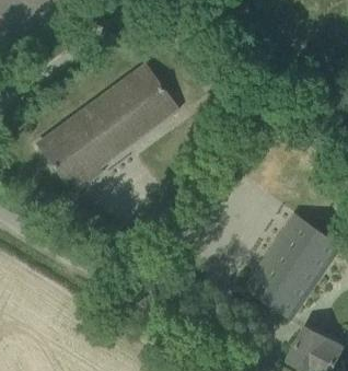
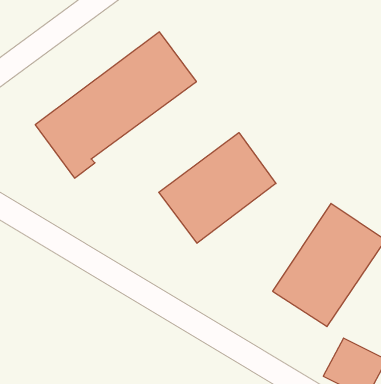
building: none -> [159,133,276,243]

